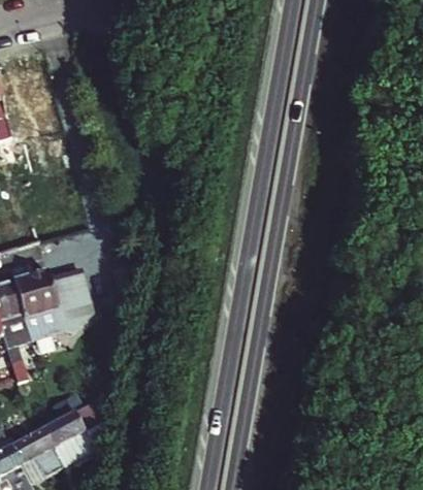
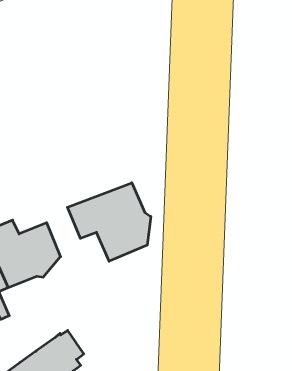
building: none -> [67,183,151,261]

